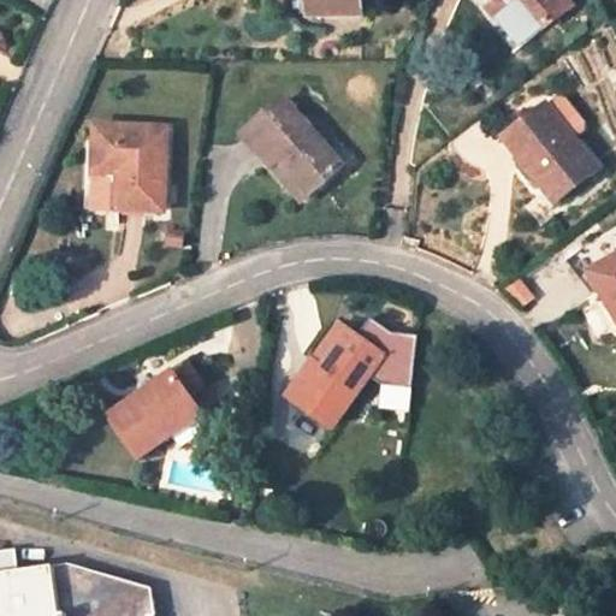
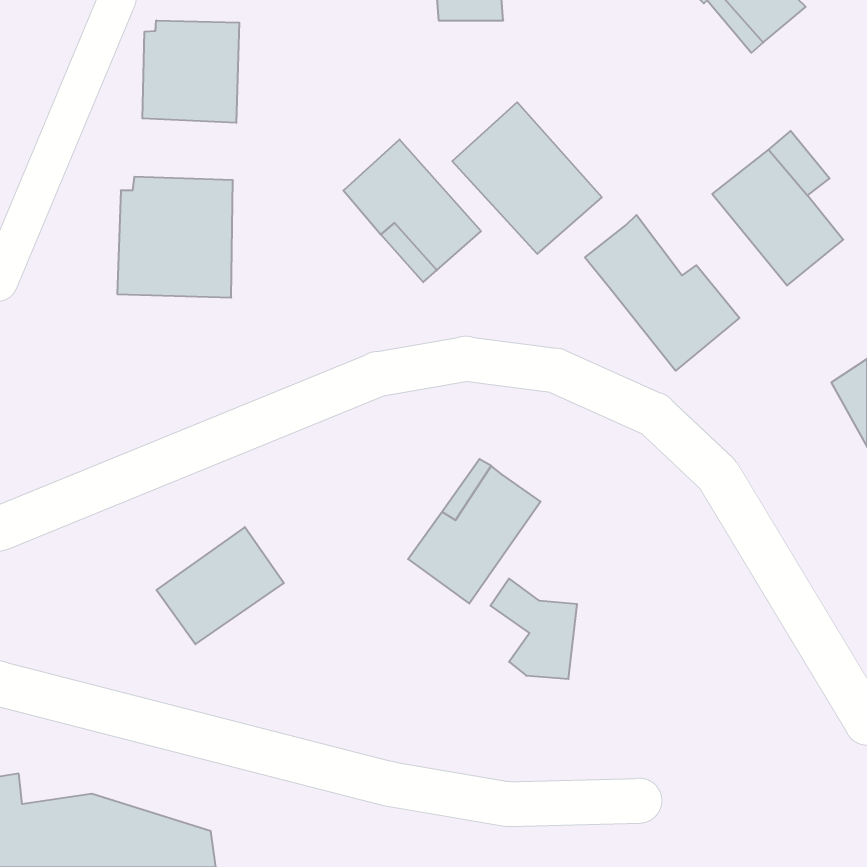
building: none -> [142,20,239,123]
building: none -> [452,102,602,254]
building: none -> [585,215,739,371]
building: [355,316,416,387] -> [490,579,577,679]

